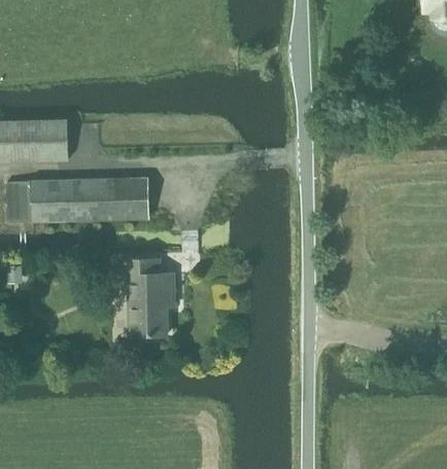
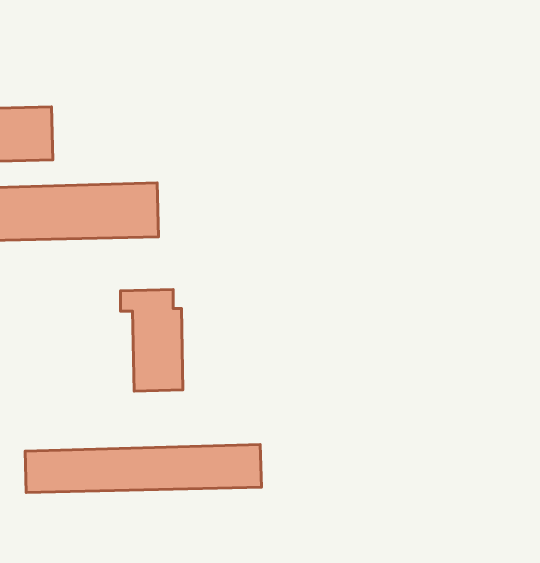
building: none -> [25,445,261,493]

